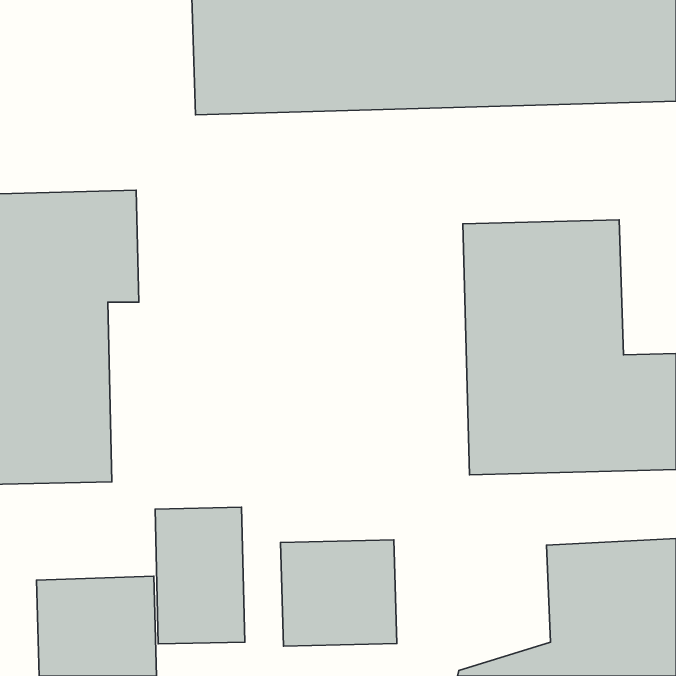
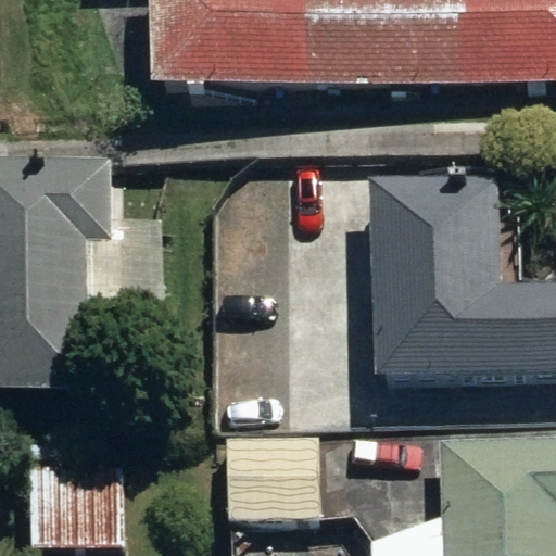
building: [155,507,245,644] -> none

